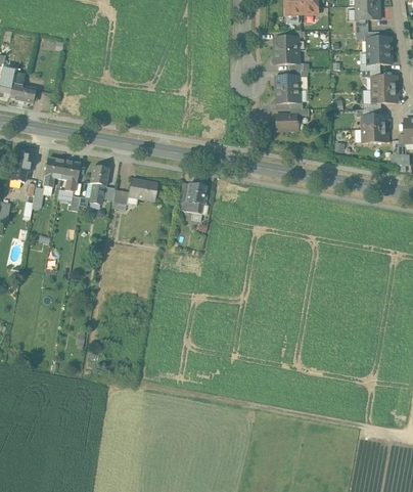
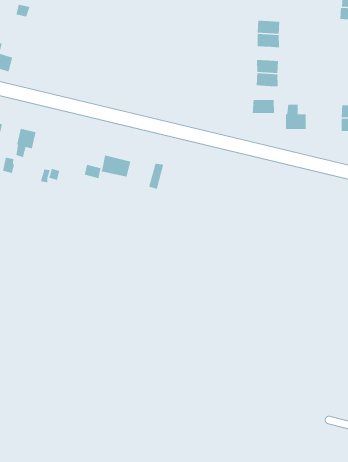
building: none -> [285,104,307,130]
building: [60,161,80,191] -> none
building: [90,167,109,205] -> none
building: [186,185,210,216] -> none

